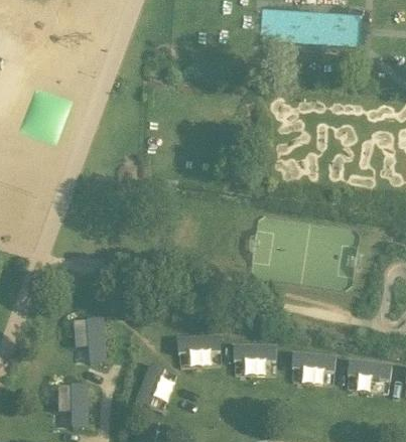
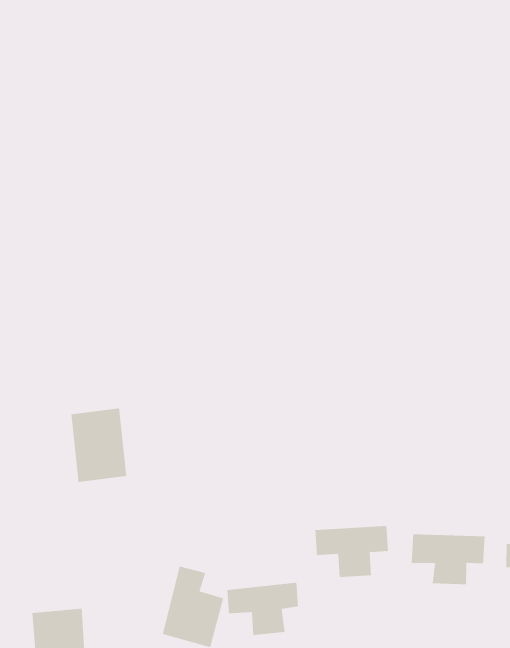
building: [74,318,106,362] -> [71,408,127,483]
building: [177,334,221,365] -> [227,582,299,636]

